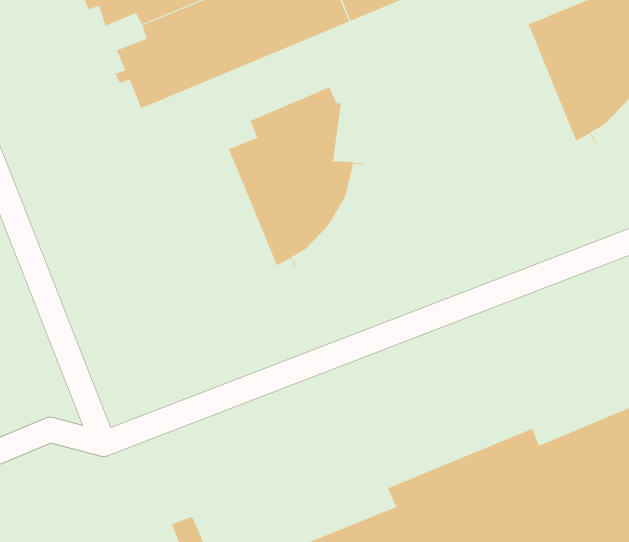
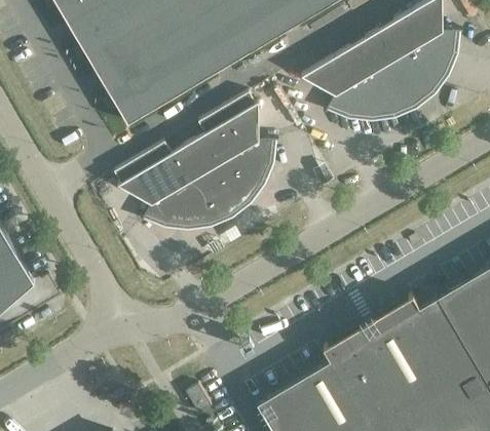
building: none -> [301,35,414,119]
building: none -> [115,144,230,228]

